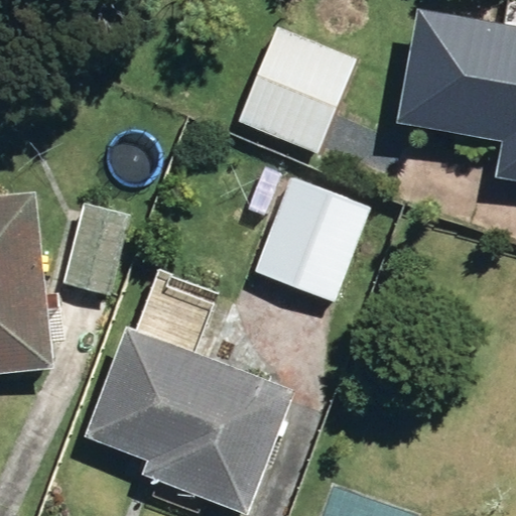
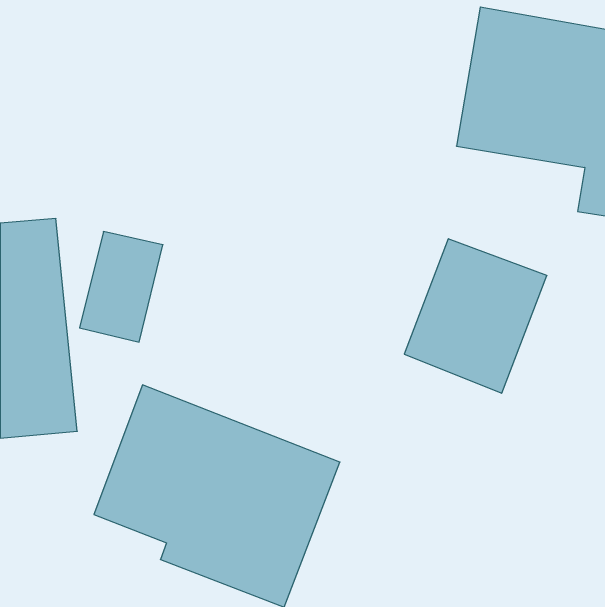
building: [236,22,355,154] -> none
building: [252,172,373,303] -> [404,239,547,393]

